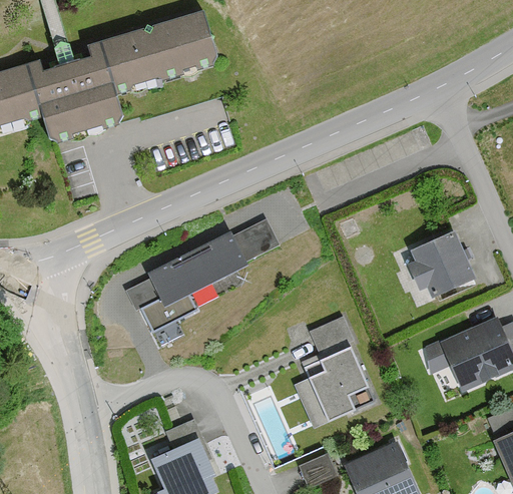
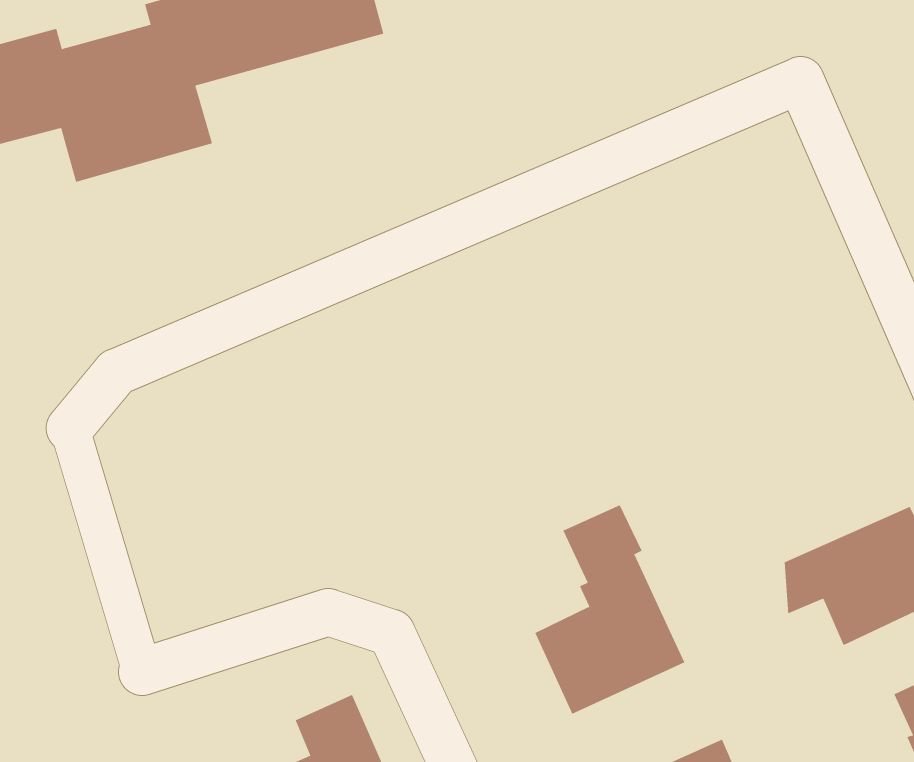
building: [127,219,278,334] -> none
building: [409,231,473,295] -> none

